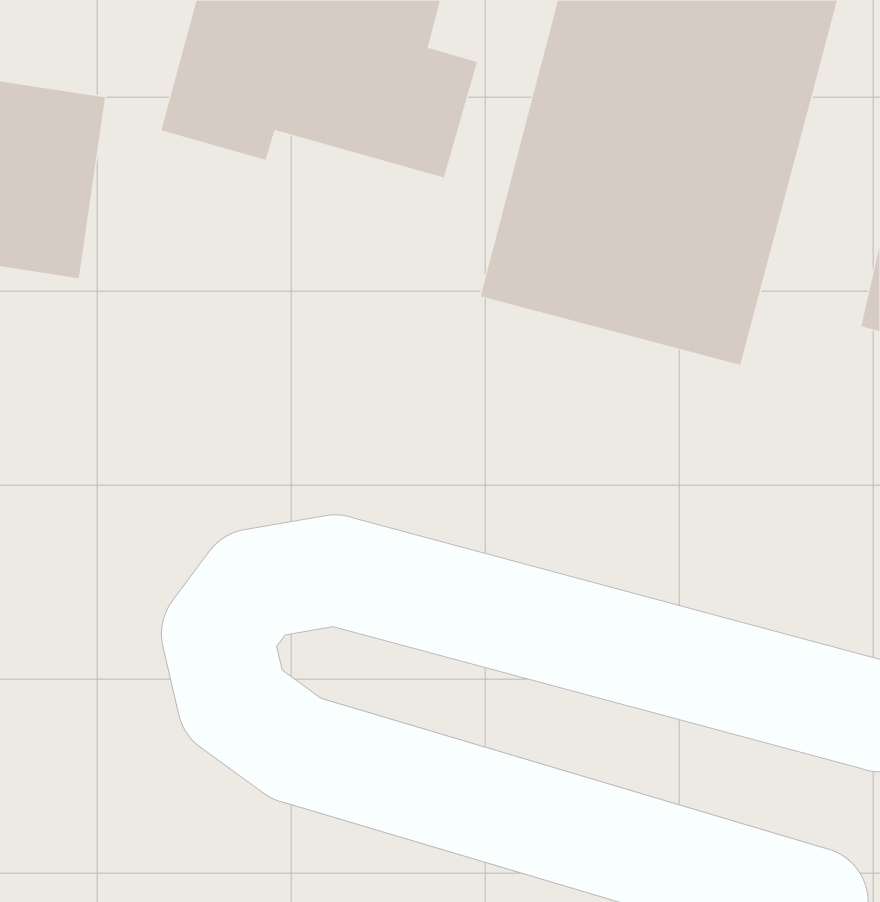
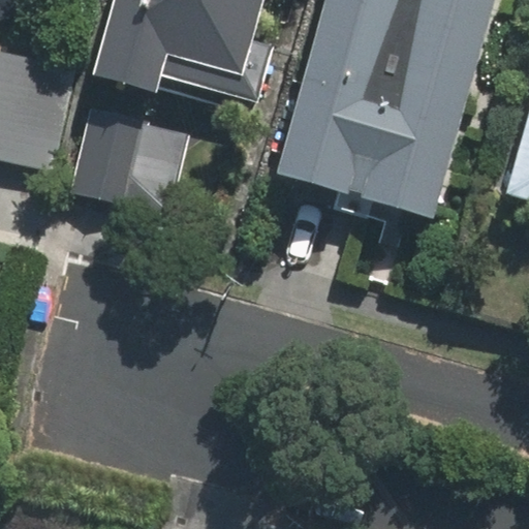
building: none -> [63,99,188,214]

